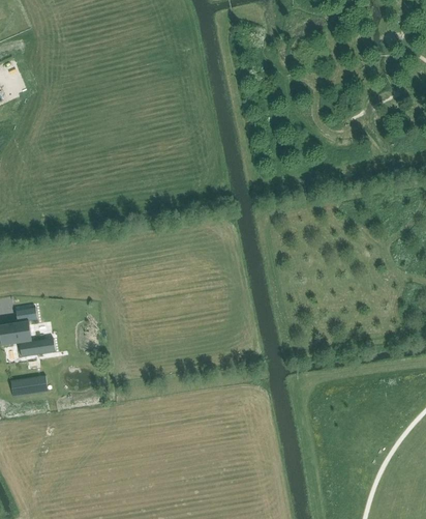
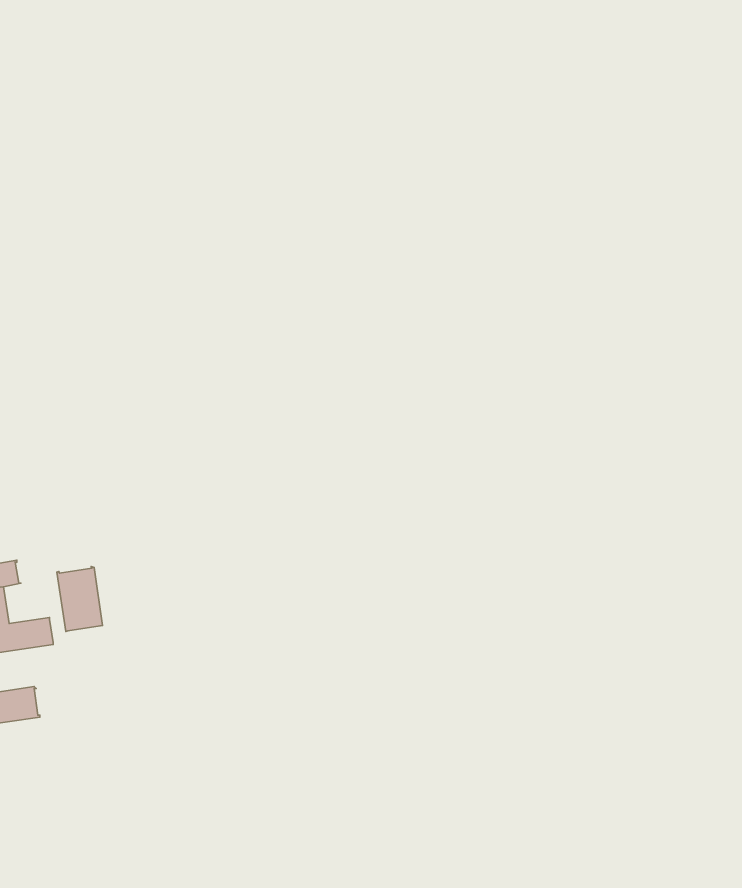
building: none -> [57,566,102,632]

